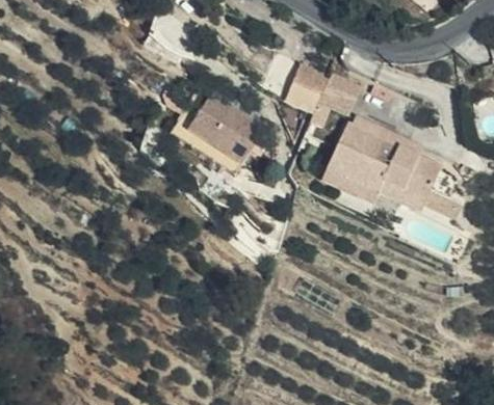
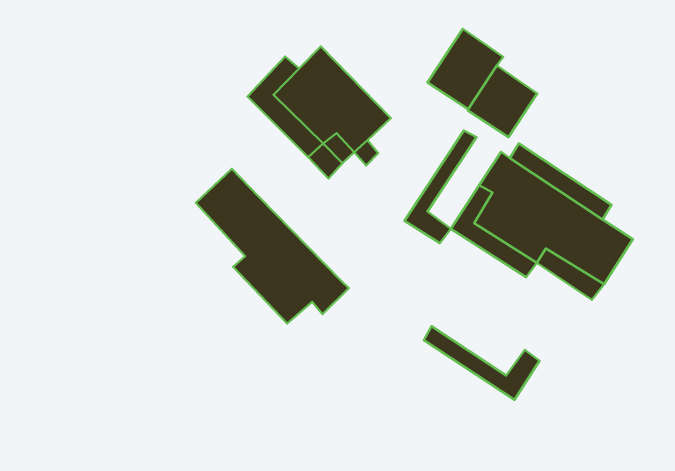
building: none -> [405,130,477,243]
building: none -> [196,169,349,324]
building: none -> [424,326,540,400]

